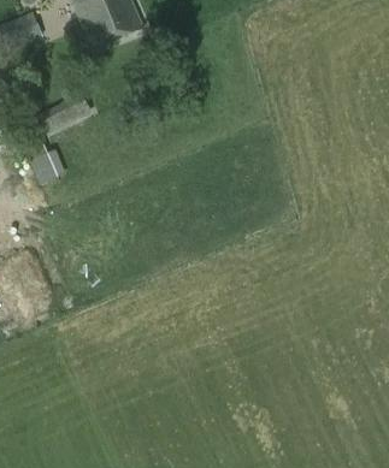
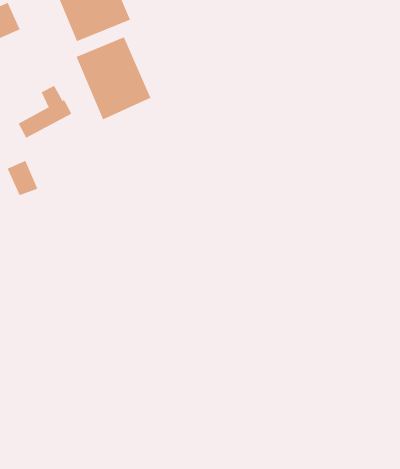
building: none -> [76,36,151,120]

